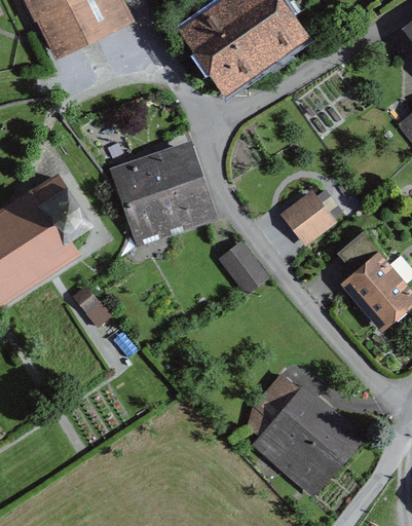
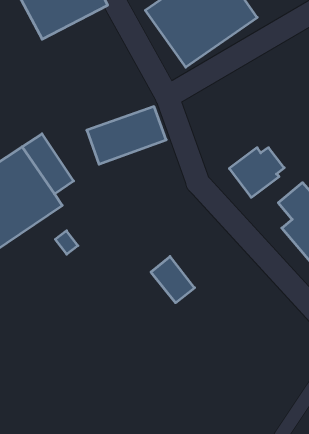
building: [125,179,219,247] -> none
building: [218,240,269,295] -> [151,256,195,303]
building: [246,374,364,498] -> none

